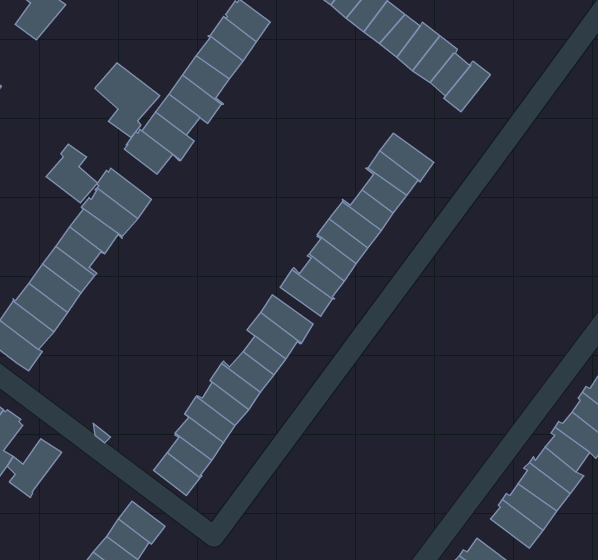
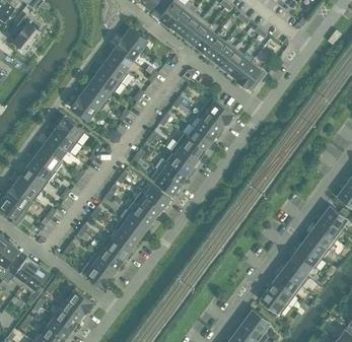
building: [95,63,160,138] -> none
building: [46,144,98,203] -> none
building: none -> [23,265,49,294]

